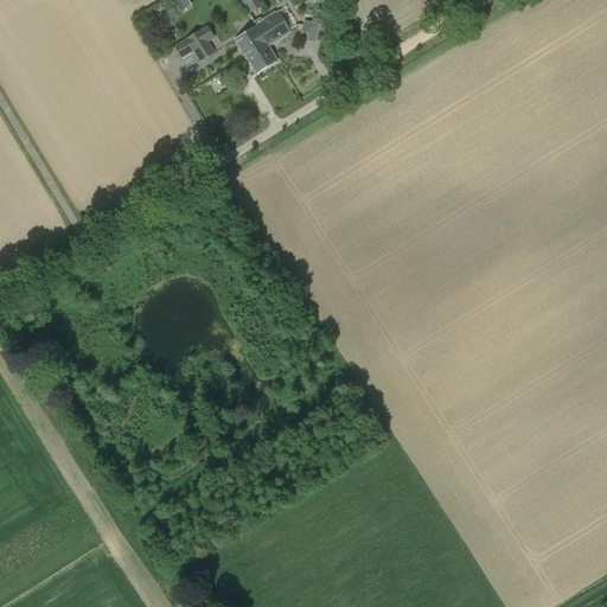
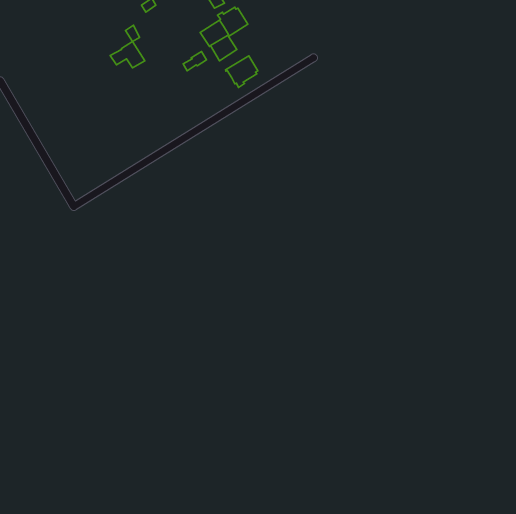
building: [175,27,216,58] -> [110,41,145,68]
building: none -> [225,56,258,87]

